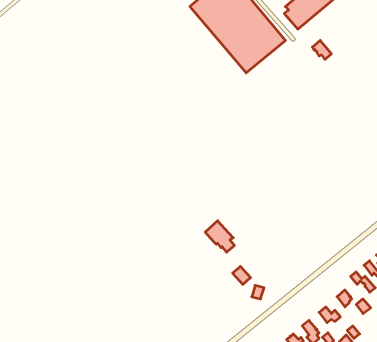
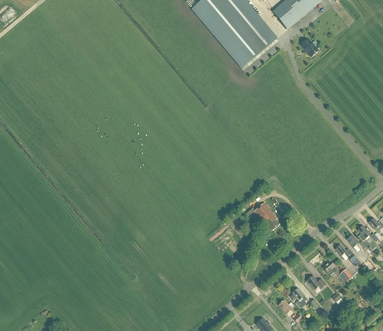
building: [205,221,234,252] -> [253,202,279,230]

